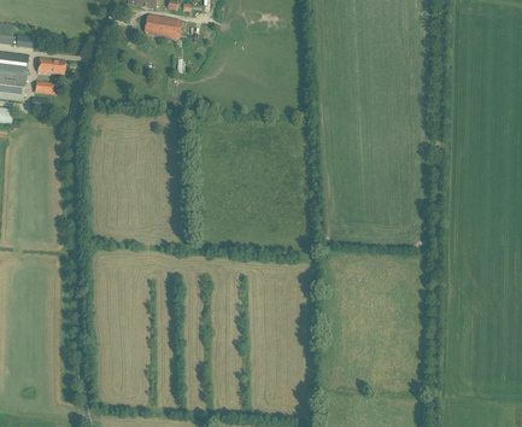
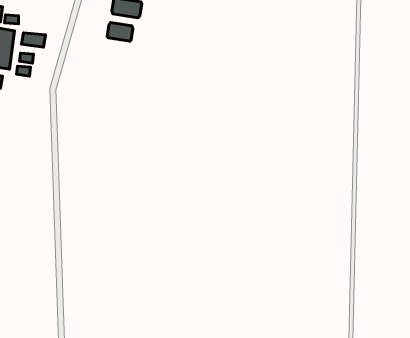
building: none -> [107,23,133,41]

